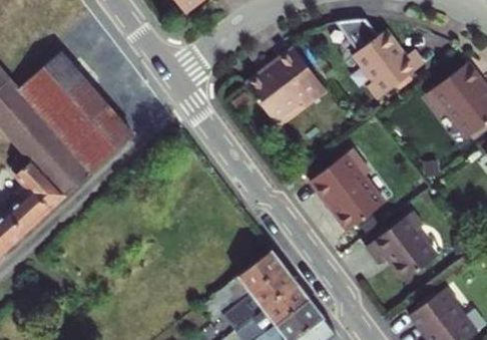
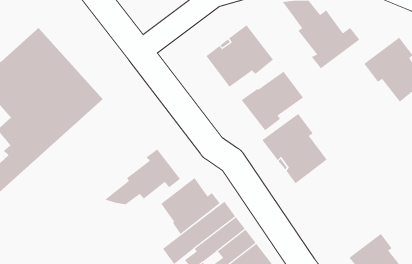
building: none -> [241,71,304,131]
building: none -> [104,149,181,205]
building: [368,215,438,282] -> none
building: none -> [160,177,221,235]

